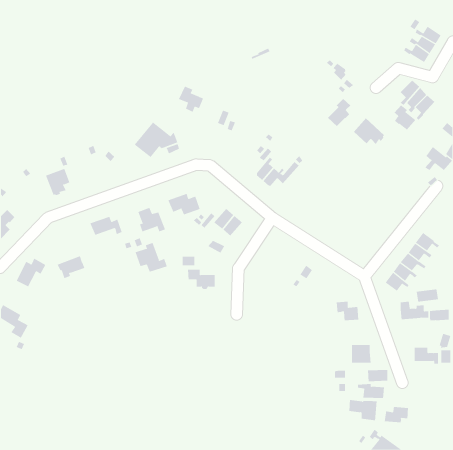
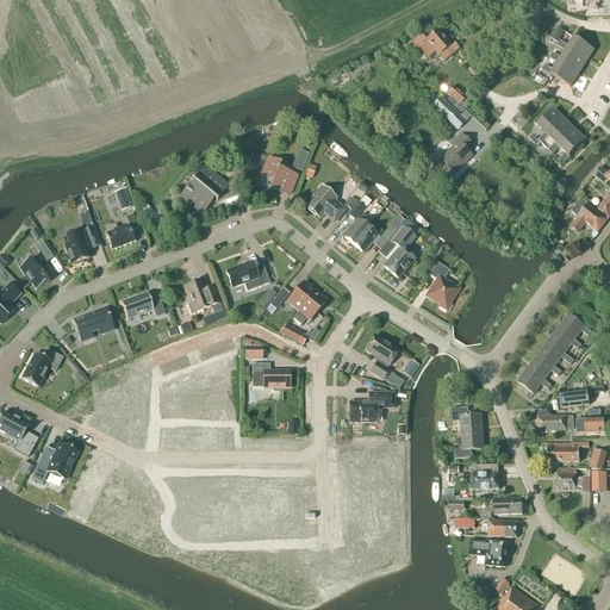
building: none -> [410,29,450,58]
building: [178,86,204,113] -> [261,156,295,192]
building: [393,105,416,130] -> none
building: [353,117,385,145] -> none
building: none -> [306,186,343,219]
building: none -> [105,213,138,248]
building: none -> [384,226,415,276]
building: none -> [19,239,52,288]
building: none -> [425,260,459,310]
building: [135,242,167,272] -> none
building: none -> [365,334,393,378]
building: [57,256,85,279] -> [73,307,111,338]
building: none -> [349,391,394,421]
building: none -> [454,430,484,458]
building: none -> [547,441,579,460]
building: none -> [31,442,77,483]
building: [384,406,408,423] -> none

